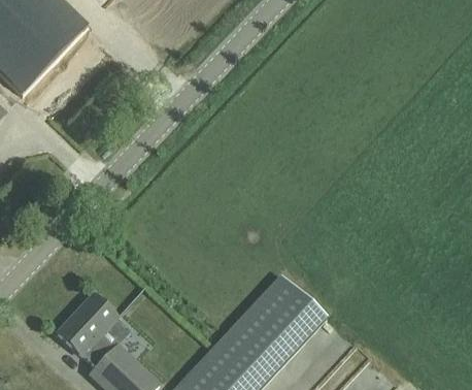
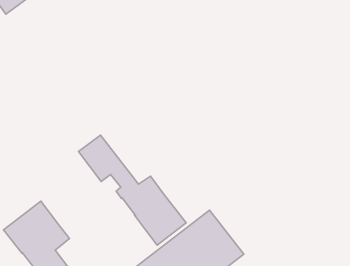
building: none -> [79,135,186,245]

